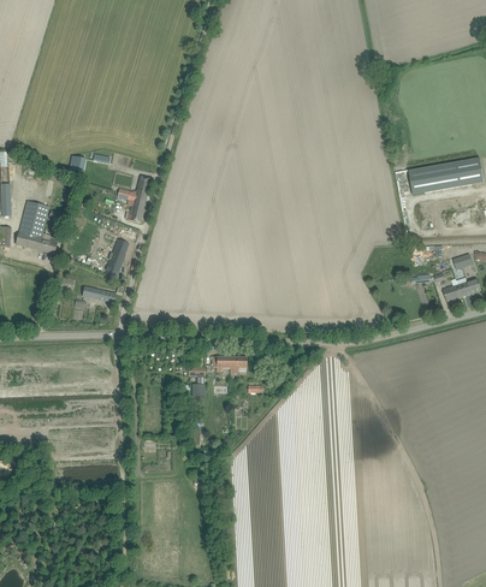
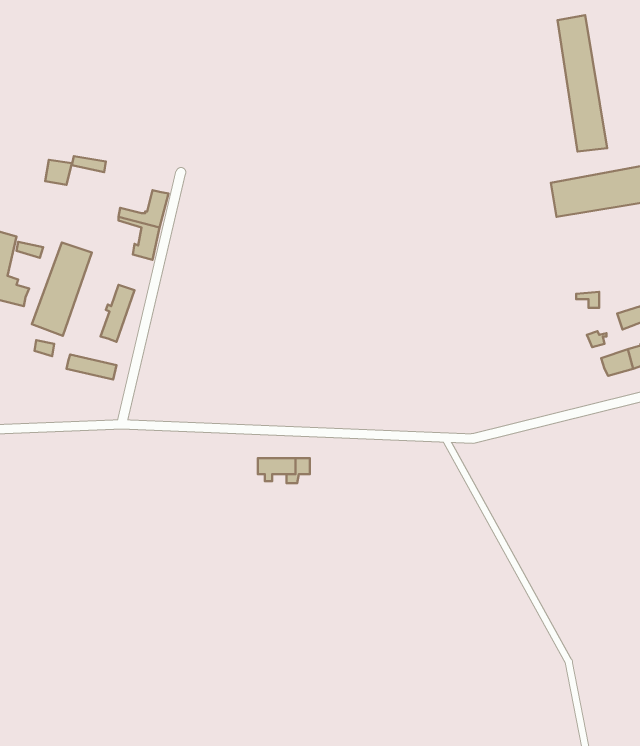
building: none -> [557,15,607,151]
building: none -> [32,243,92,336]

